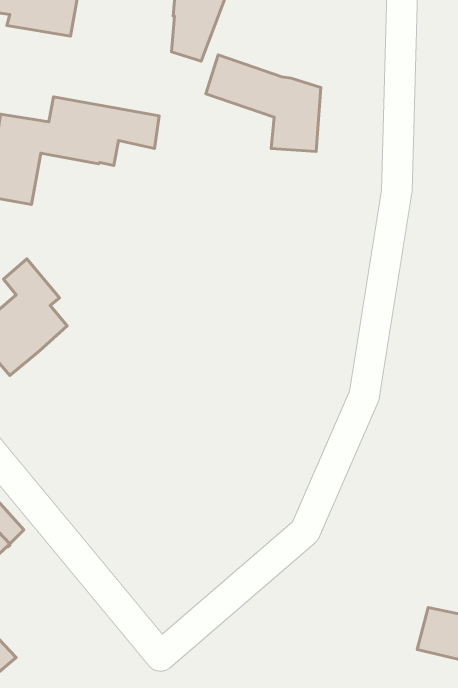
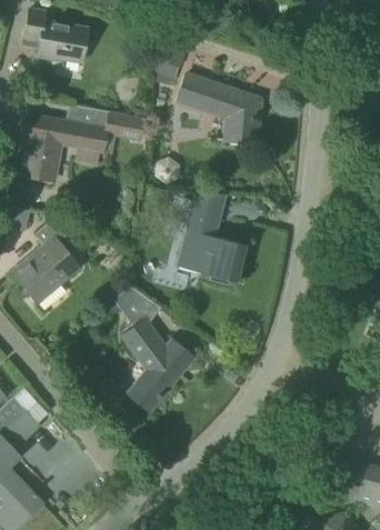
building: none -> [178,191,241,281]
building: none -> [114,286,192,411]

